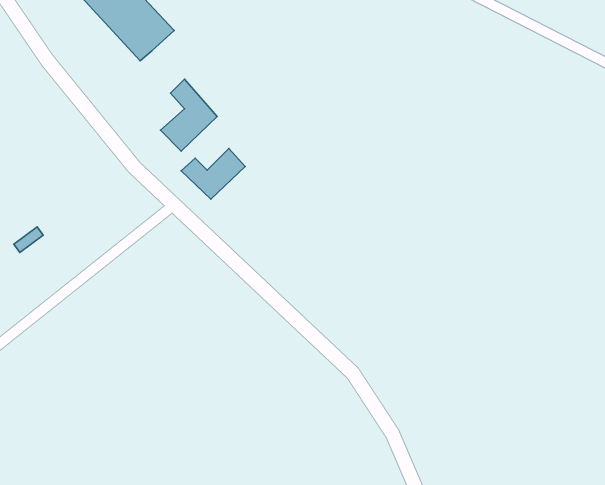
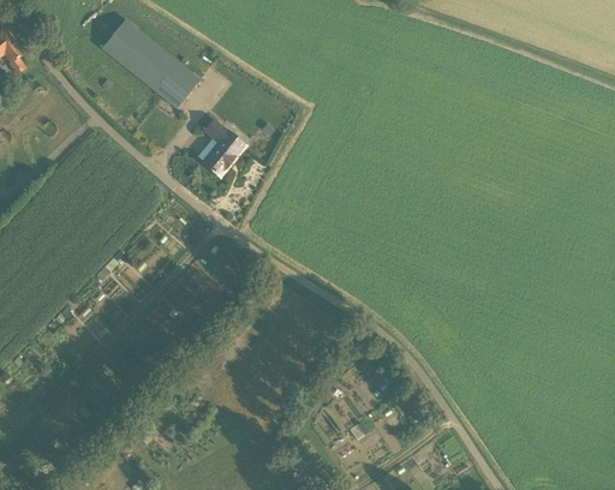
building: [181,149,245,199] -> none

